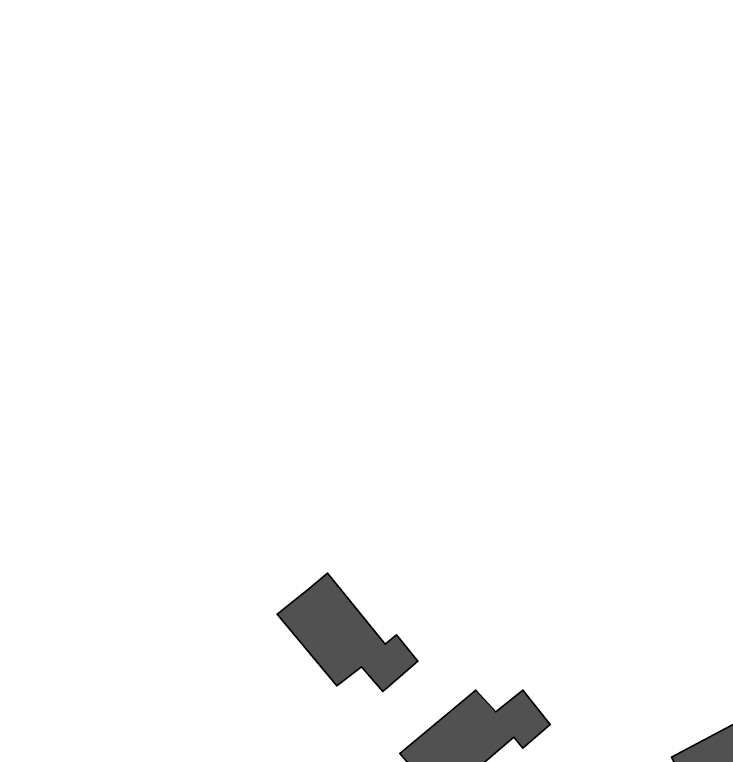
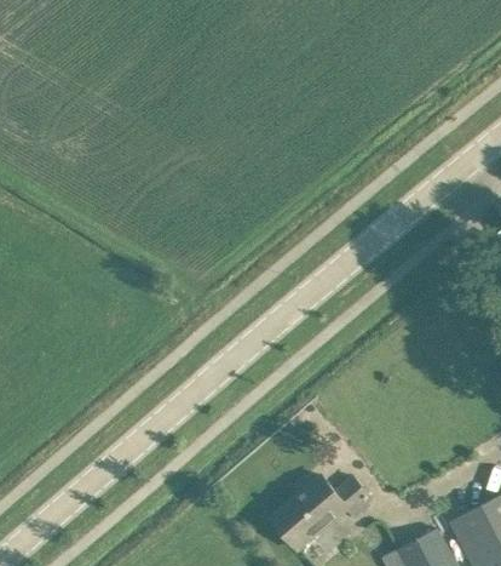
building: [277,573,418,692] -> none

